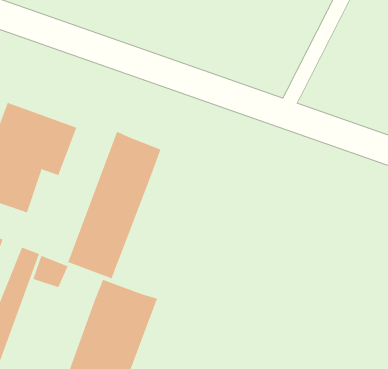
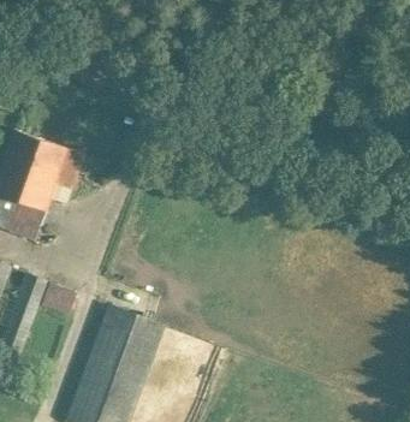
building: [67,131,161,279] -> none

